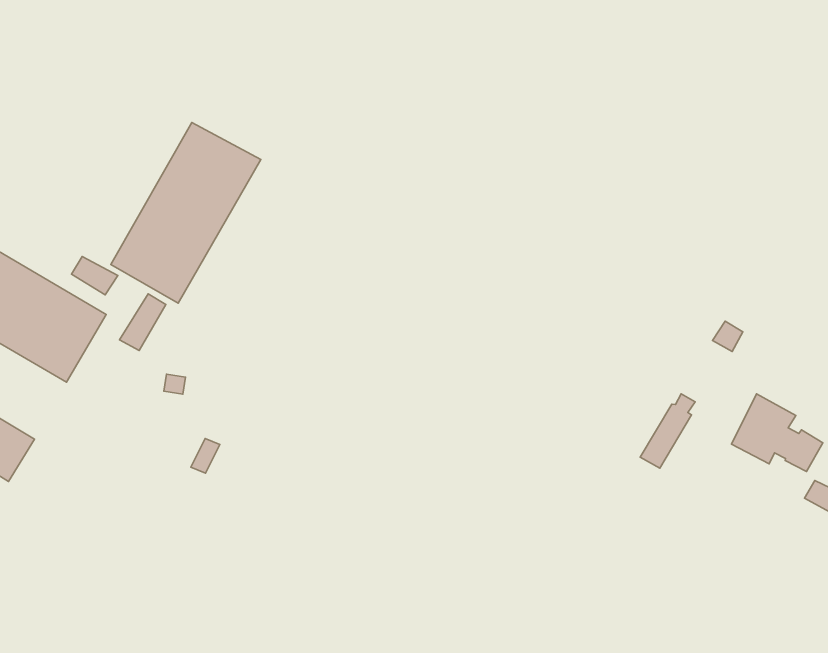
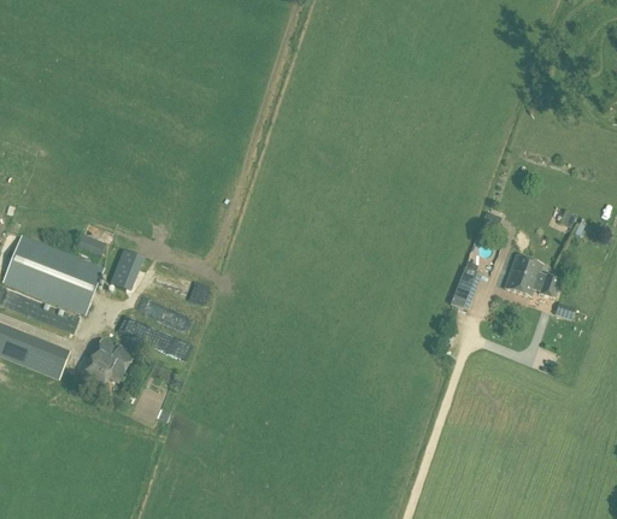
building: [111,123,261,303] -> none
building: none -> [77,337,134,390]

